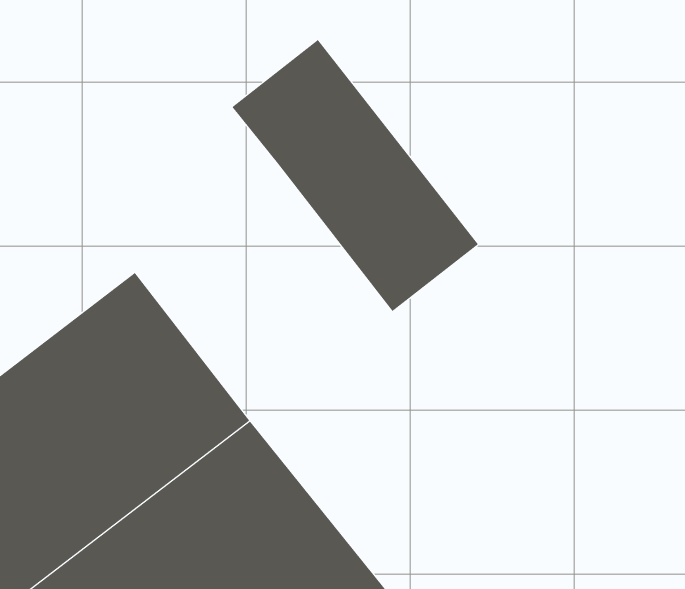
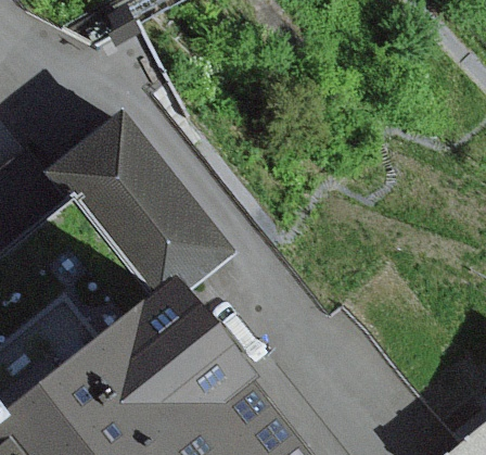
building: [231,39,479,312] -> [64,110,234,298]

